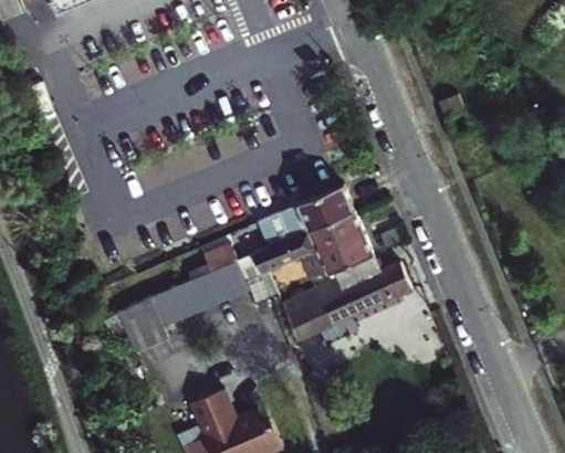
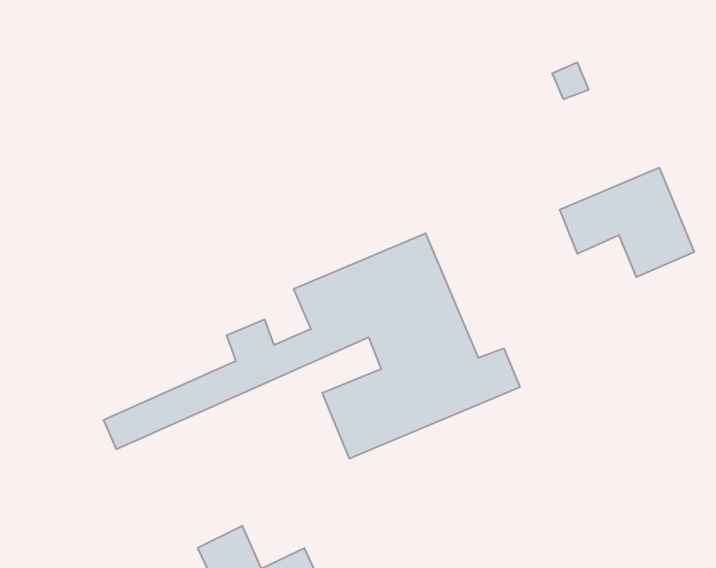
building: none -> [560,168,694,277]

